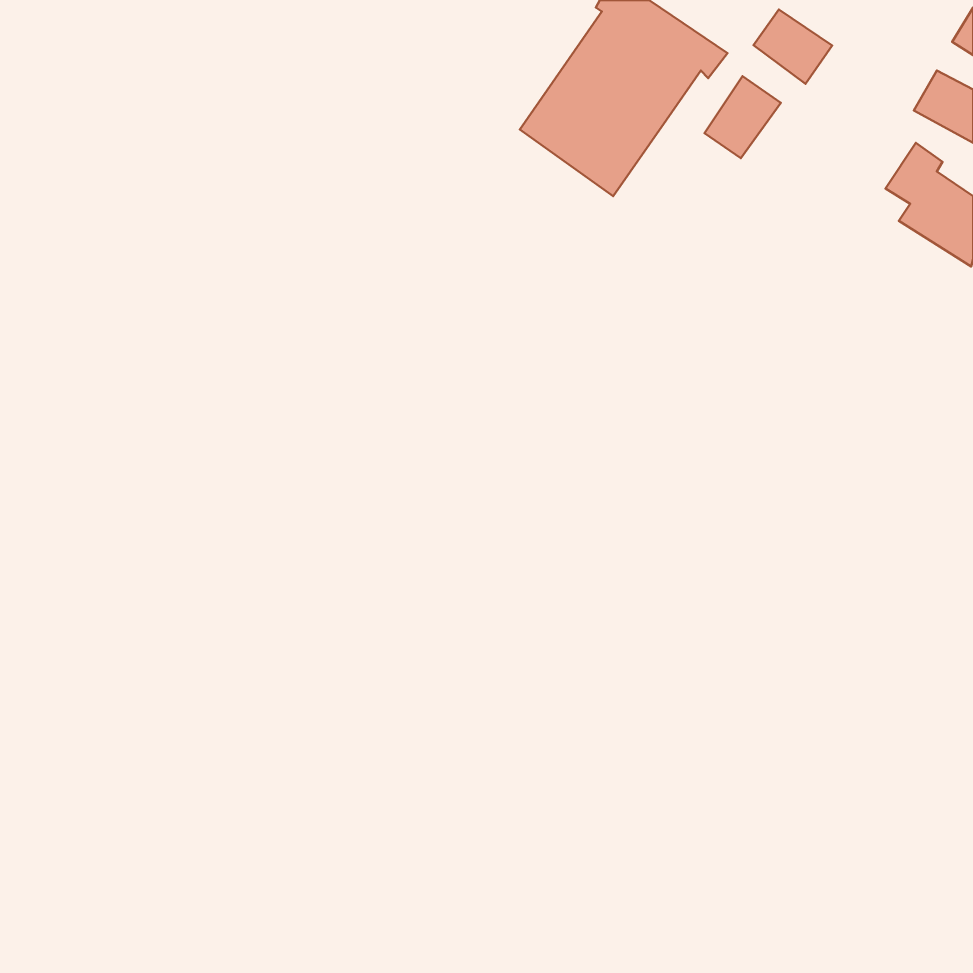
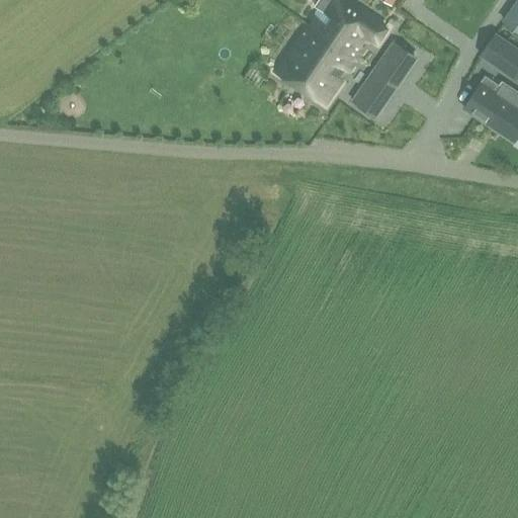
building: [753,10,832,84] -> none
building: none -> [353,71,394,114]

